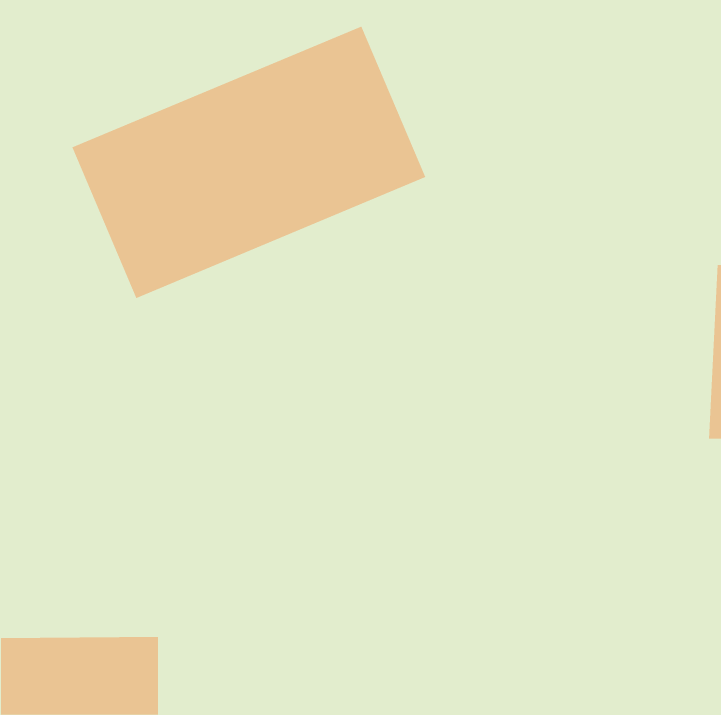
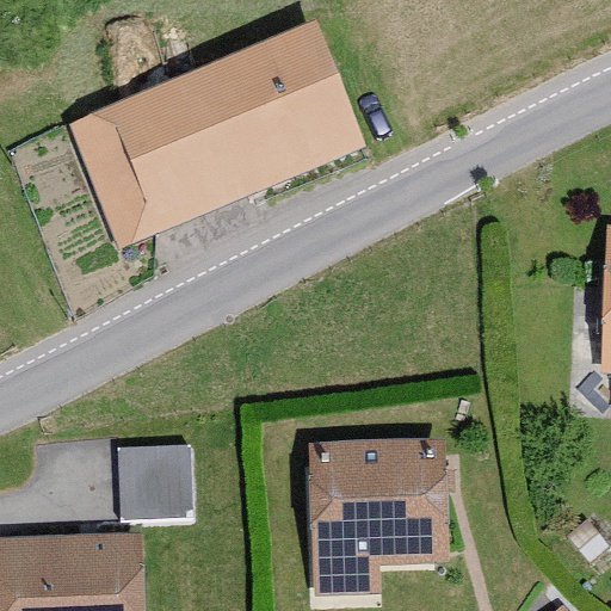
building: none -> [311,438,448,587]
building: none -> [117,443,186,506]

